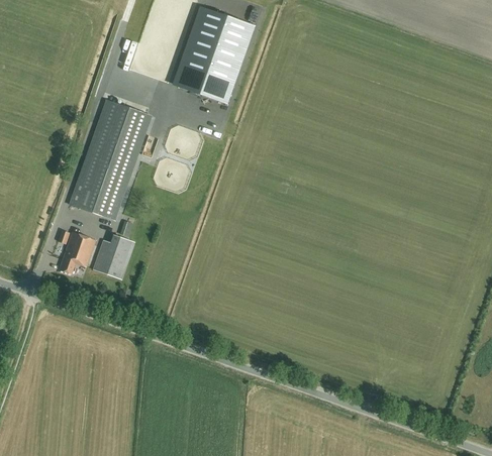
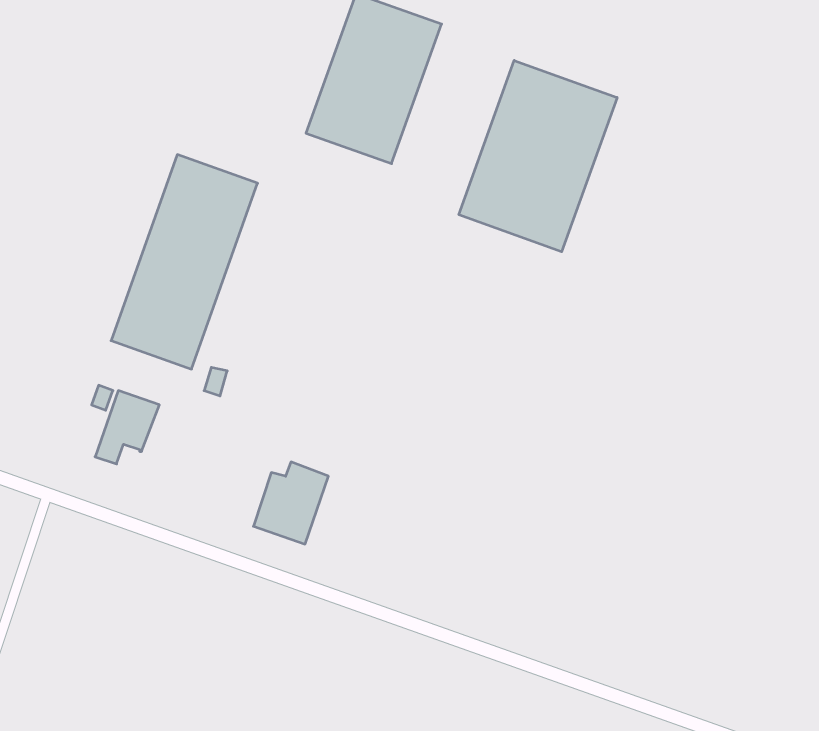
building: none -> [459,60,617,252]
building: [92,232,134,278] -> [253,462,328,544]

